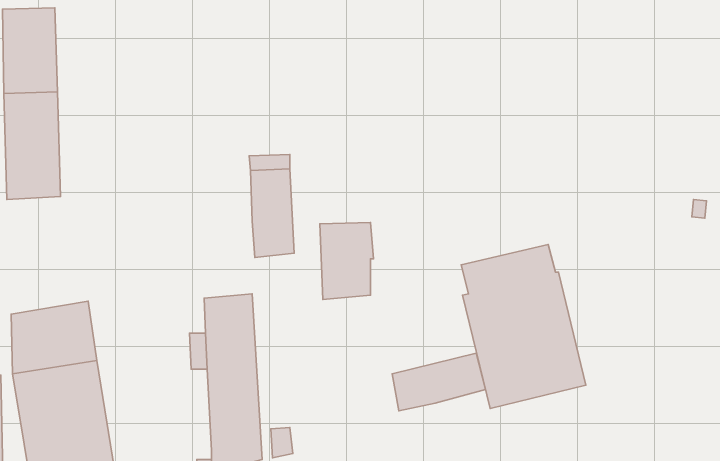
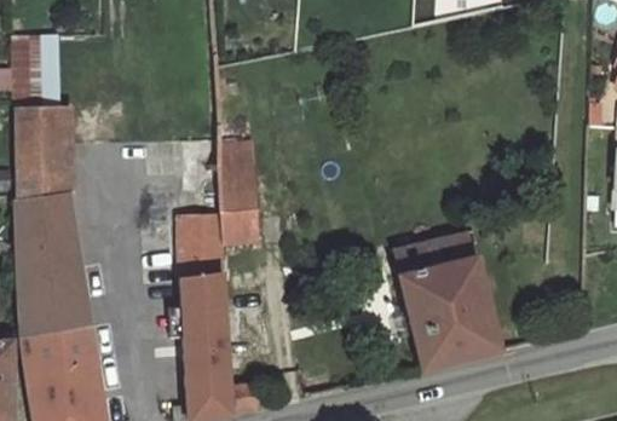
building: none -> [17,194,85,292]
building: [320,222,374,299] -> [179,214,224,278]
building: [392,353,486,411] -> none

